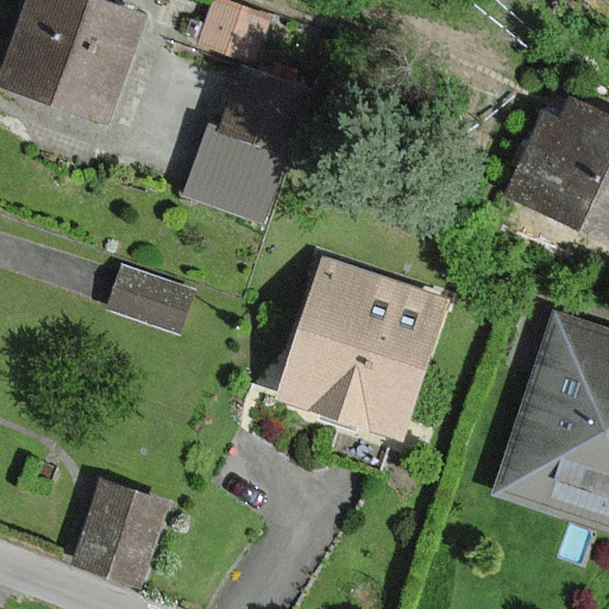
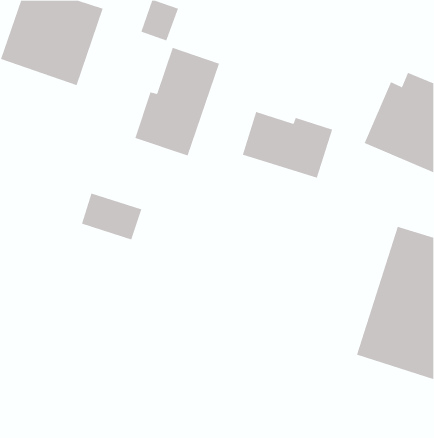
building: none -> [242,111,333,178]
building: [280,262,445,437] -> none
building: [79,483,174,588] -> none

